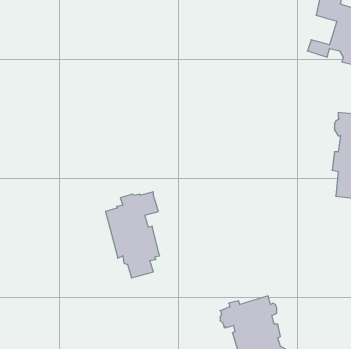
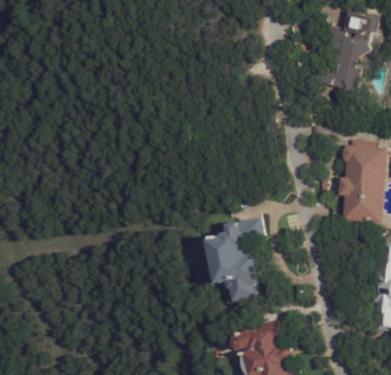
building: [106,192,160,278] -> [203,217,255,301]

